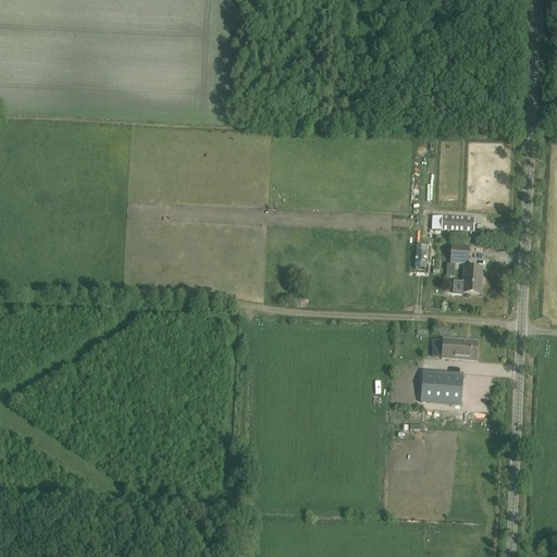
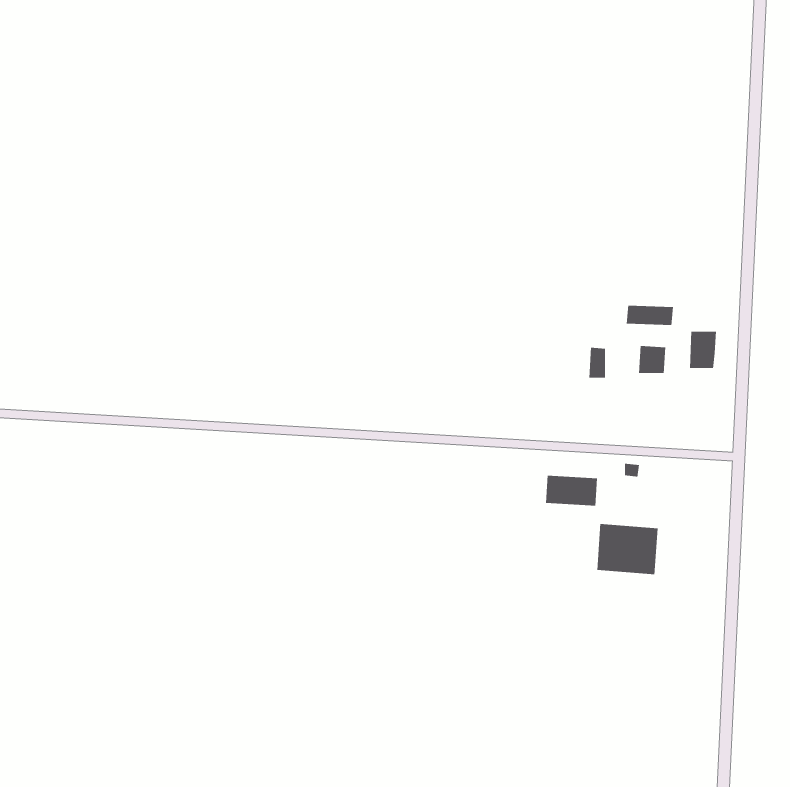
building: [461,265,481,292] -> [689,331,717,369]
building: [440,337,476,359] -> [545,475,598,506]

